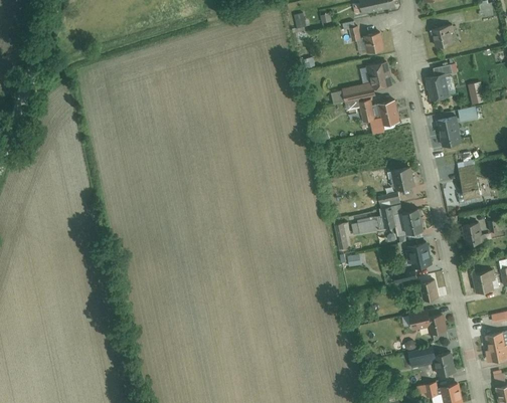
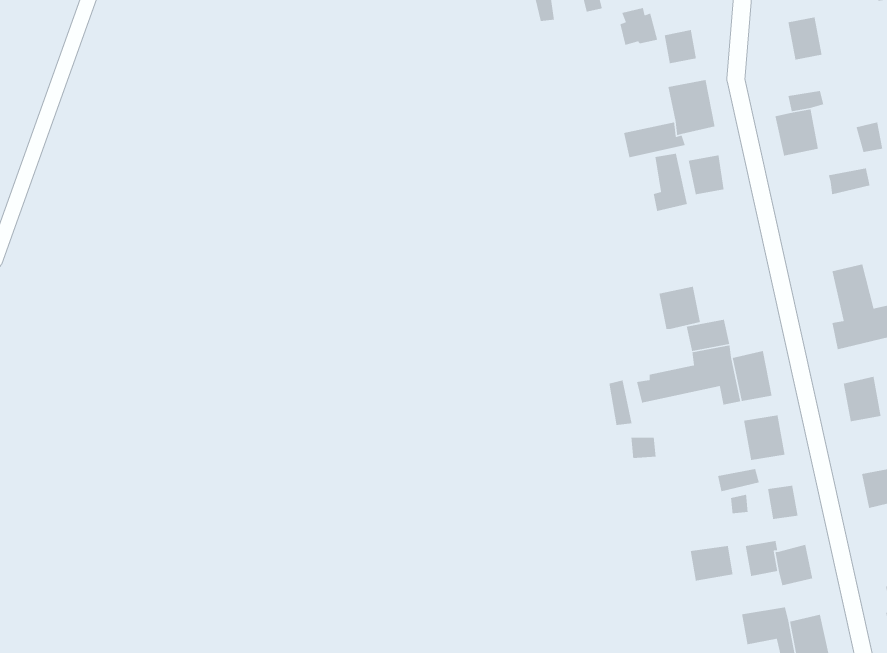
building: [438,116,462,147] -> none
building: [392,166,415,190] -> [658,286,701,330]
building: none -> [690,545,733,582]

